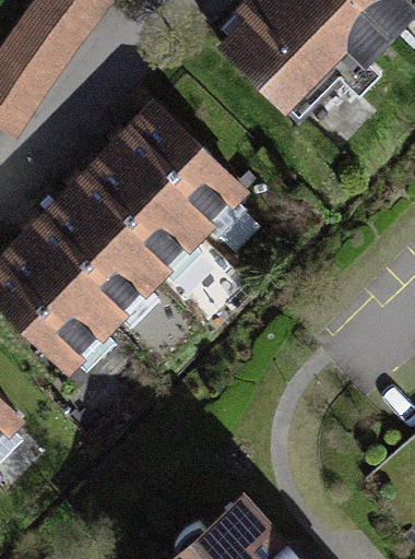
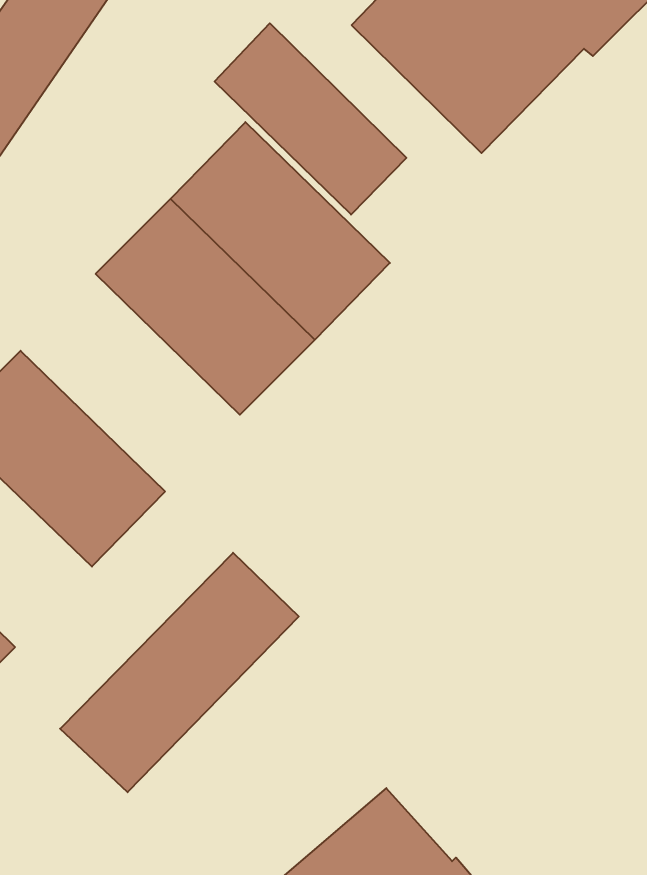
building: none -> [215,23,406,215]
building: [23,193,154,323] -> none
building: none -> [60,553,299,792]

